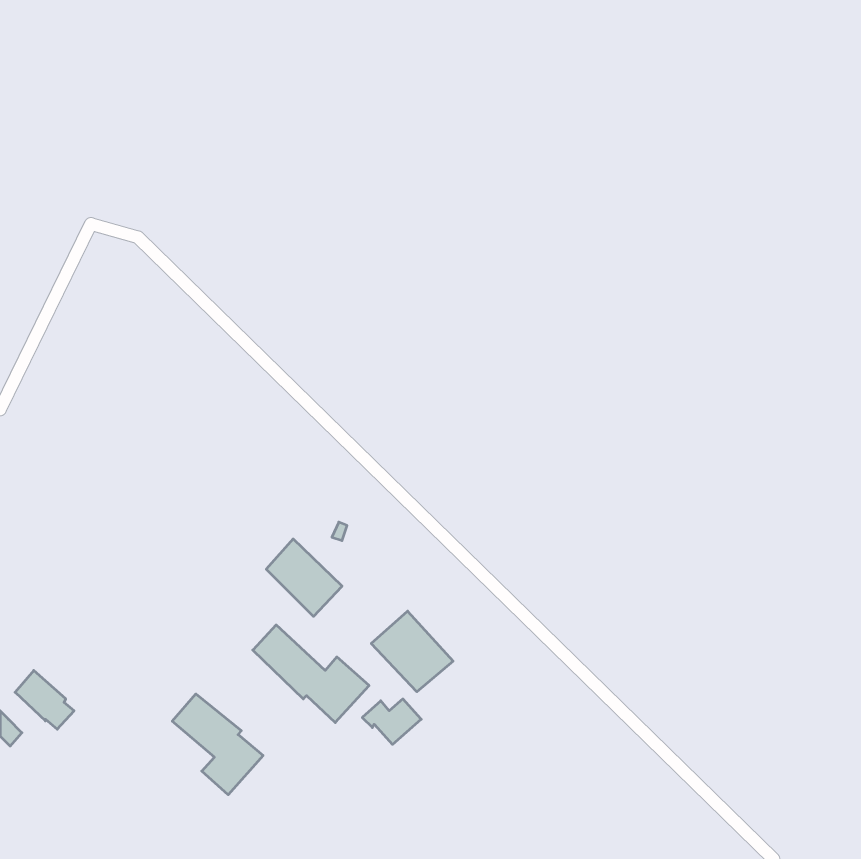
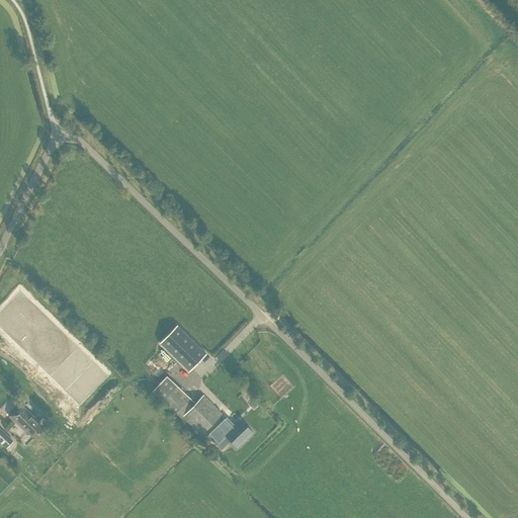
building: [371,611,453,692] -> none
building: [172,694,263,795] -> none

